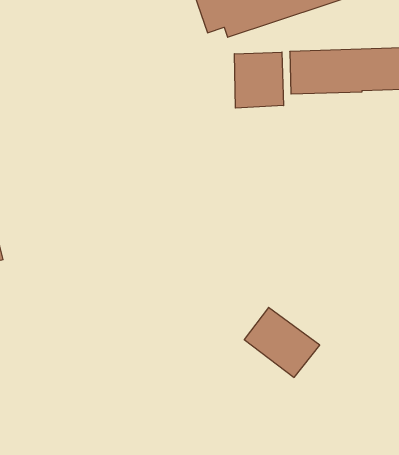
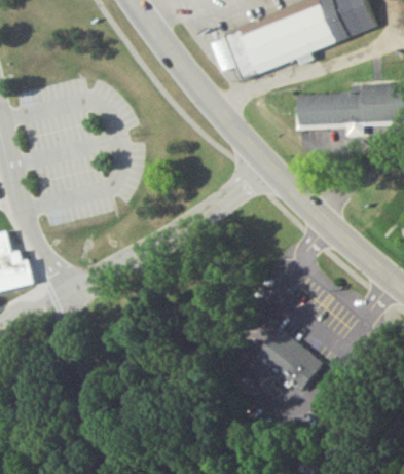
building: [234,52,284,108] -> none

